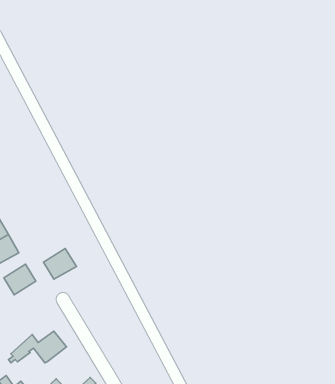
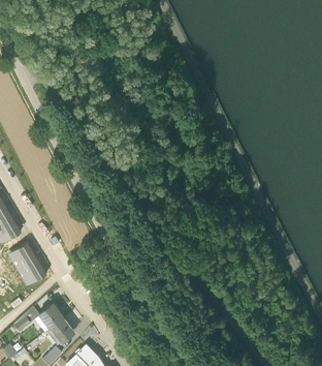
building: [43,248,76,279] -> [17,257,46,285]
building: none -> [46,317,74,344]

